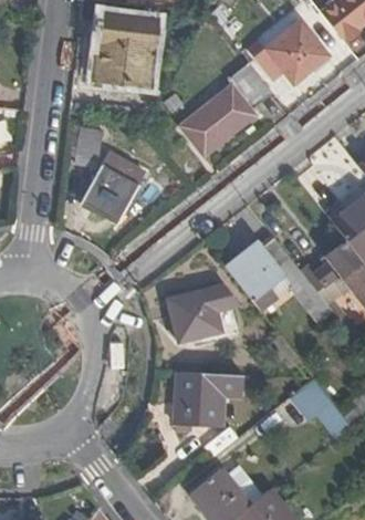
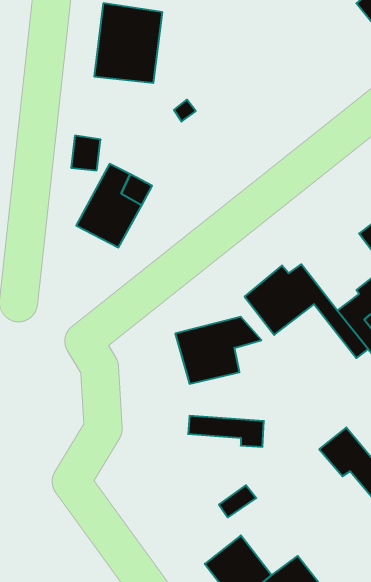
building: [267,21,328,84] -> none
building: [180,63,273,156] -> none
building: [175,384,222,425] -> none

